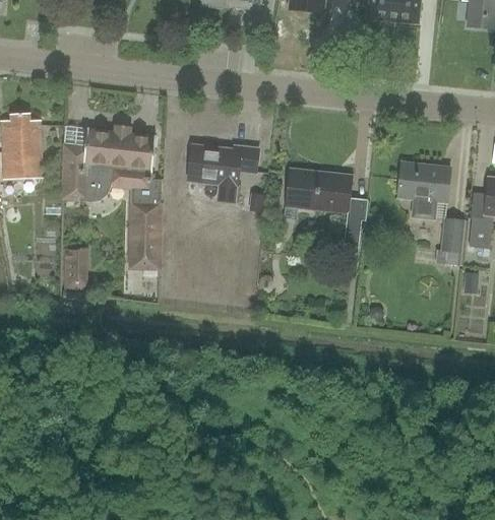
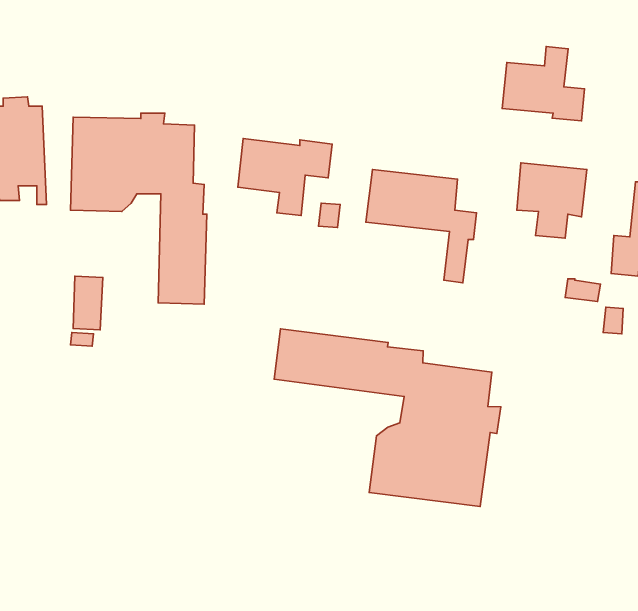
building: none -> [502,47,584,121]
building: [441,217,465,253] -> none
building: none -> [274,329,501,507]

